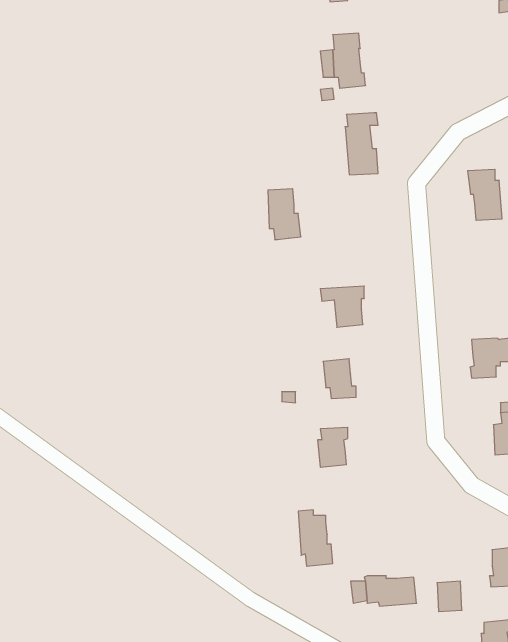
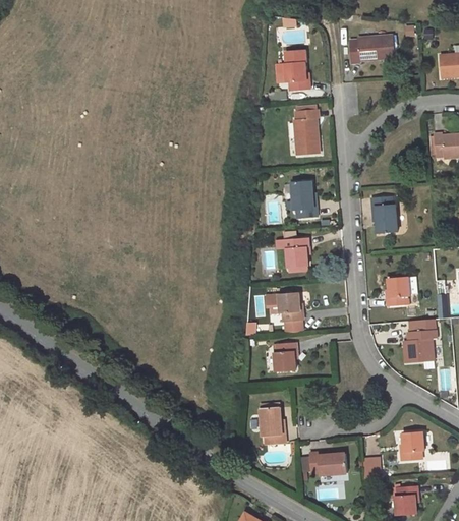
building: none -> [349,35,395,62]
building: [468,169,502,220] -> [371,195,397,233]
building: [268,189,301,240] -> [292,180,317,218]

